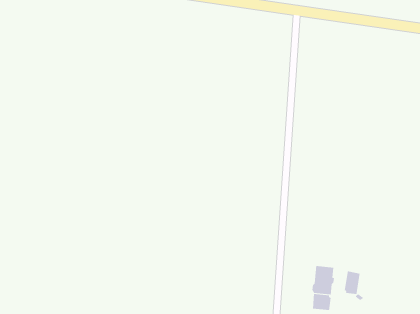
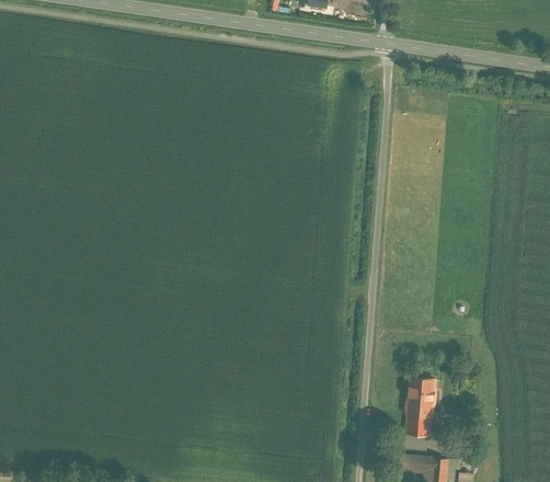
building: [344,270,360,295] -> none

